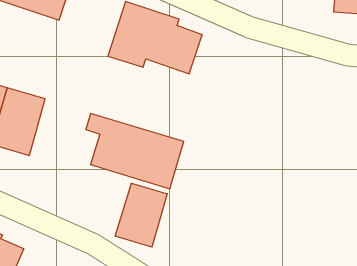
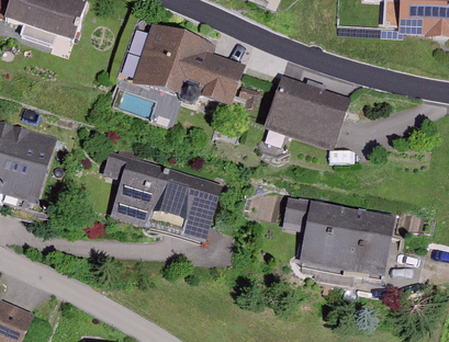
building: none -> [266,77,348,148]
building: none -> [282,196,396,280]
building: [115,183,167,247] -> none

